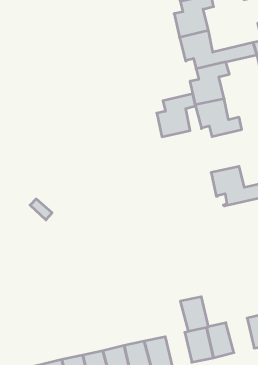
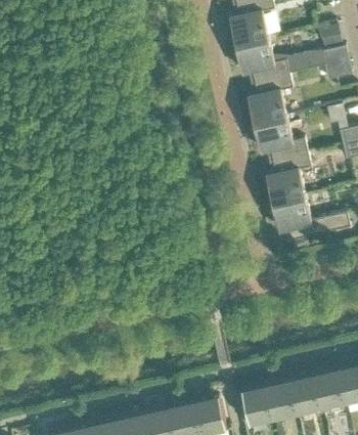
building: [157,94,195,137] -> [267,155,312,205]
building: [180,297,208,331] -> [290,375,323,415]

